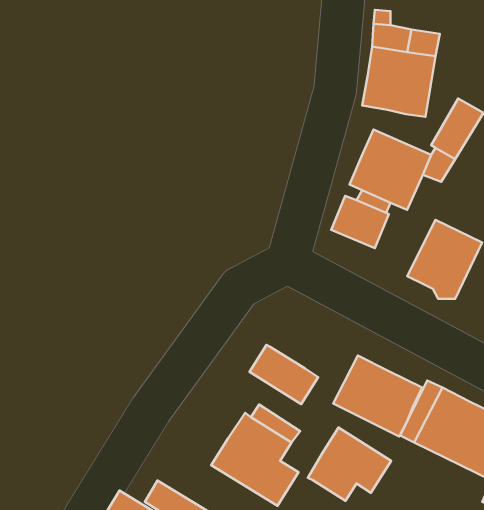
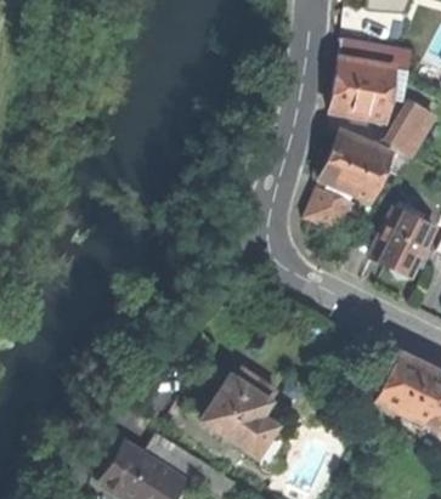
building: [249,345,318,404] -> none
building: [333,355,422,437] -> none
building: [308,427,391,501] -> none

